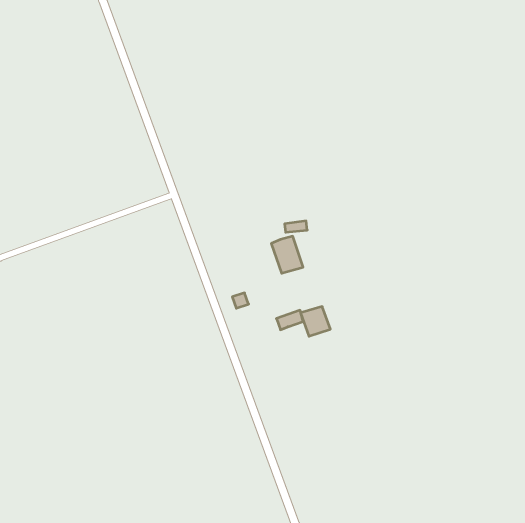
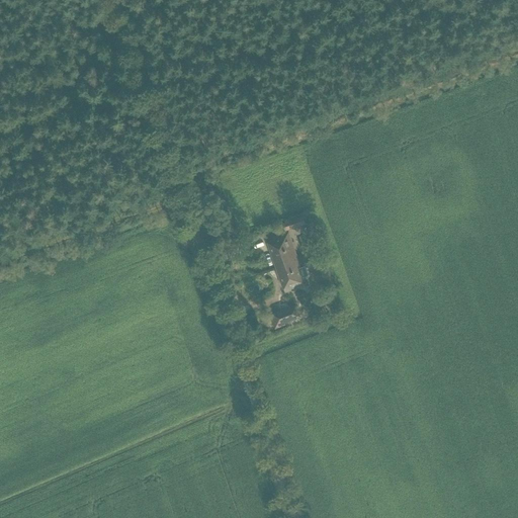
building: [301,307,330,336] -> [277,265,307,294]

